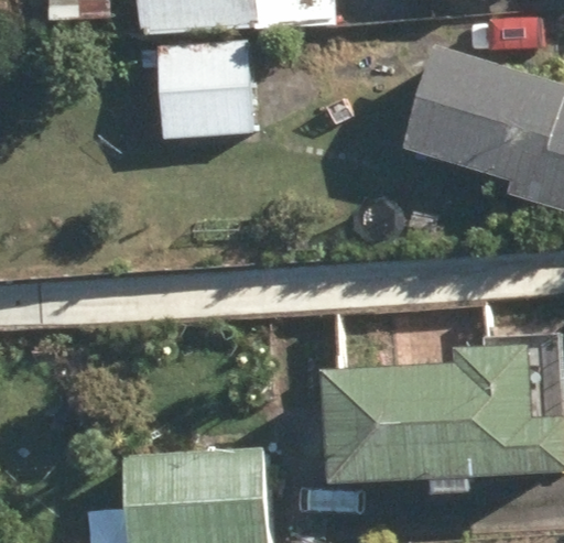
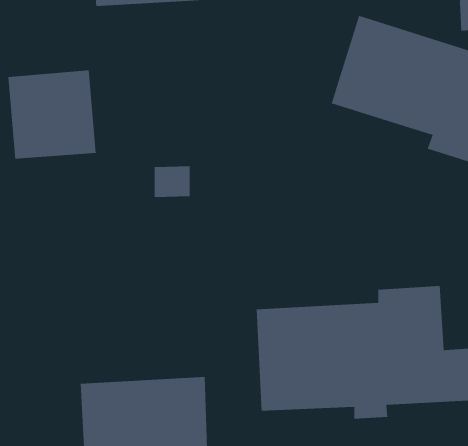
building: [158,41,257,140] -> [8,70,97,159]

